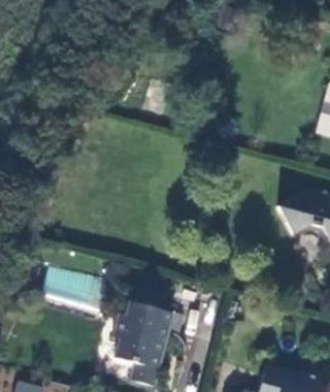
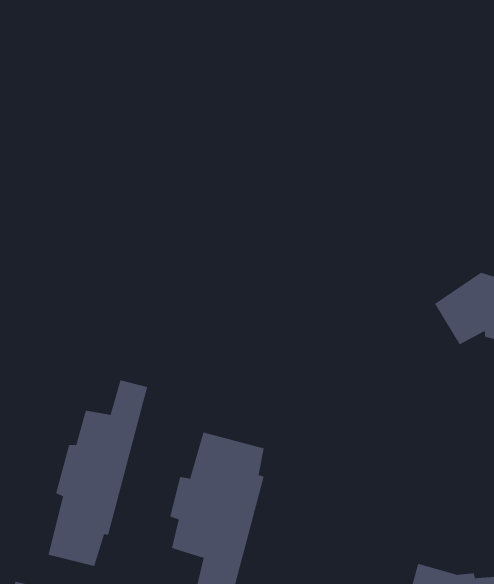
building: none -> [48,380,148,567]

